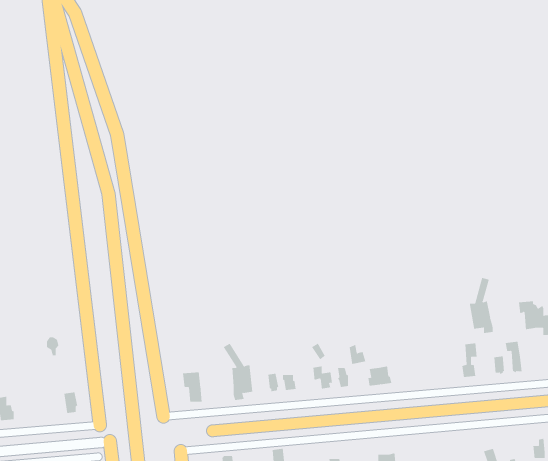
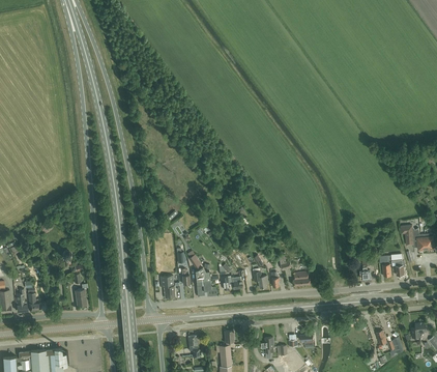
building: [469,277,493,334] -> none

